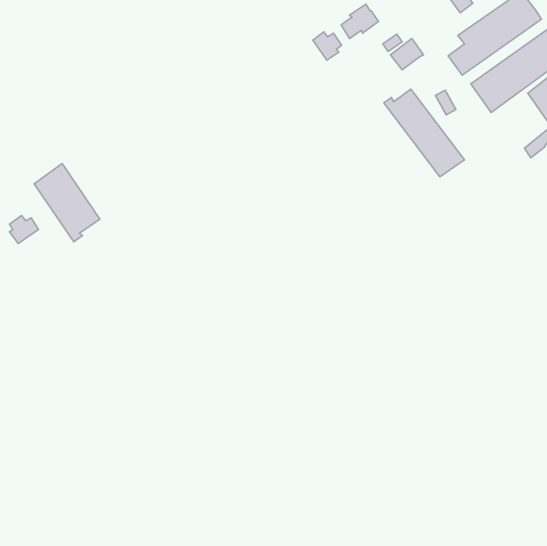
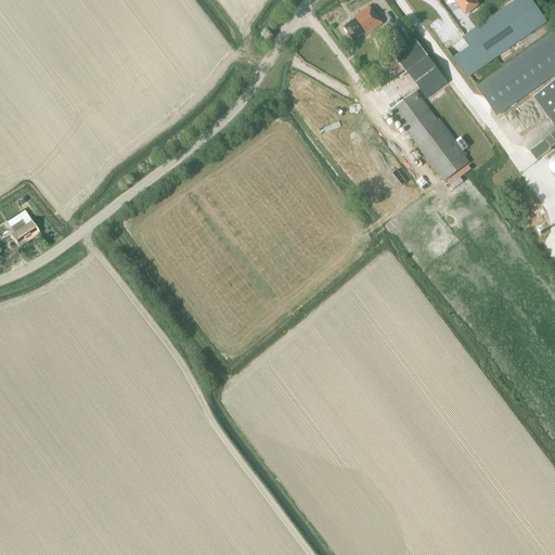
building: [313,32,341,60] -> none
building: none -> [408,55,449,98]
building: [34,164,100,242] -> none

